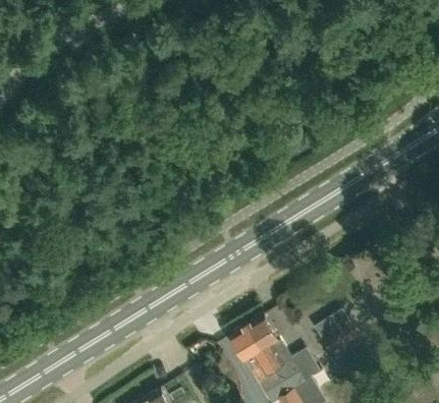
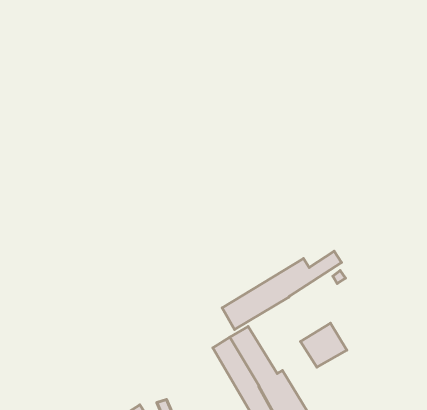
building: none -> [222,251,342,330]

